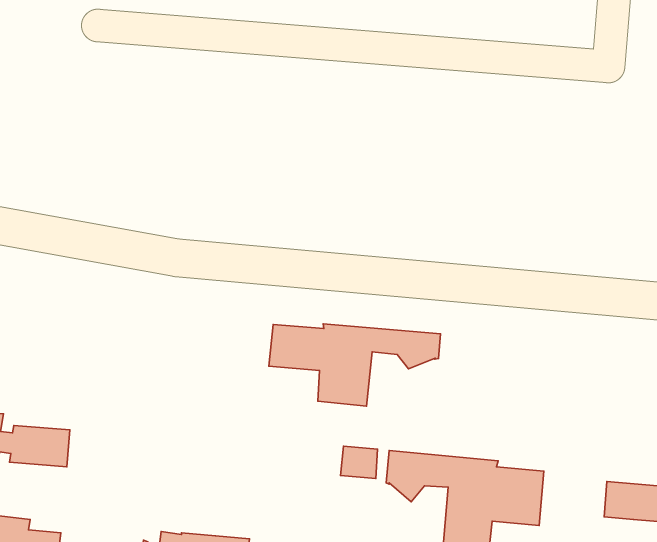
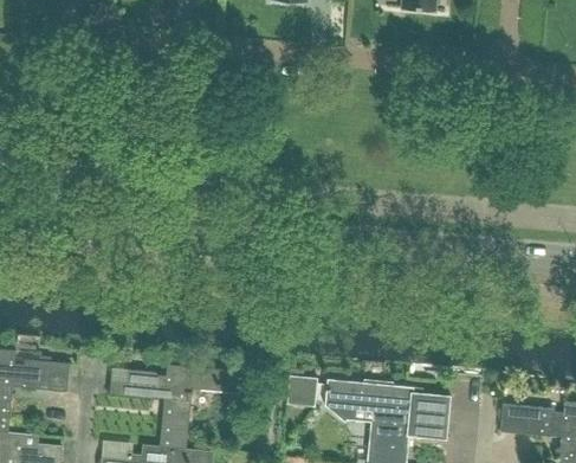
building: [269,324,441,406] -> none
building: none -> [109,364,238,448]

